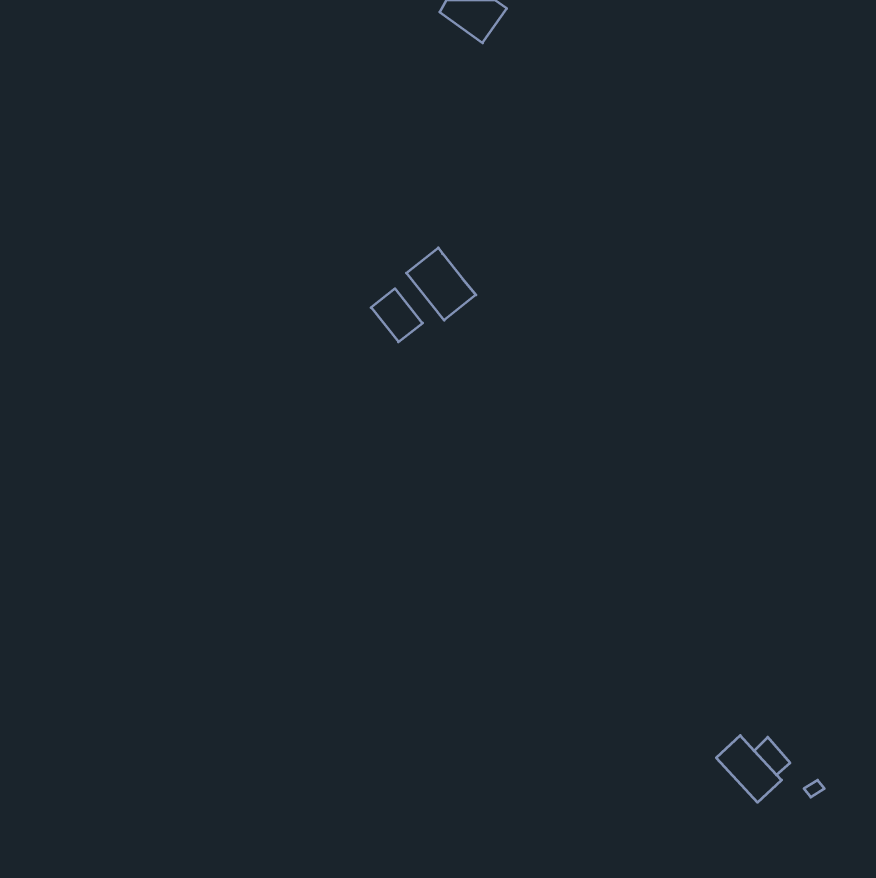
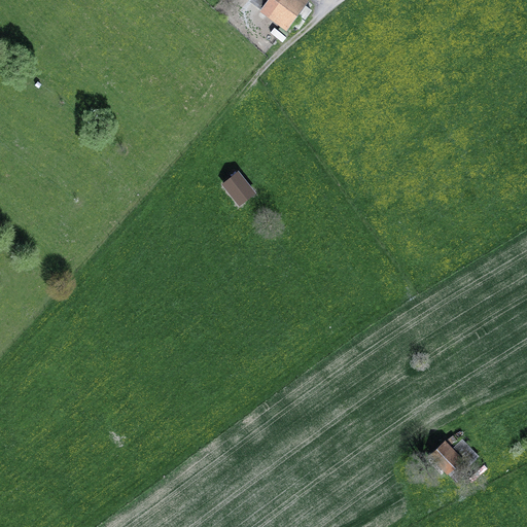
building: [406,248,476,320] -> none

